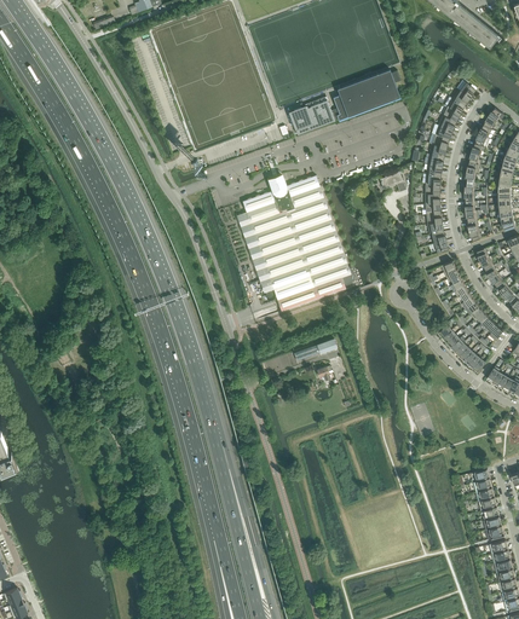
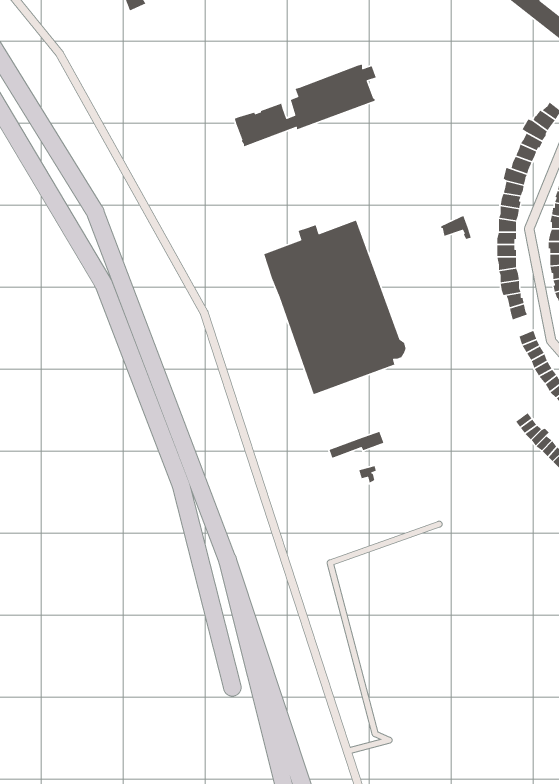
building: [289,71,400,137] -> [234,64,377,148]

